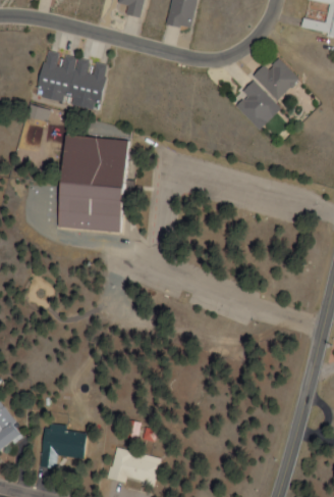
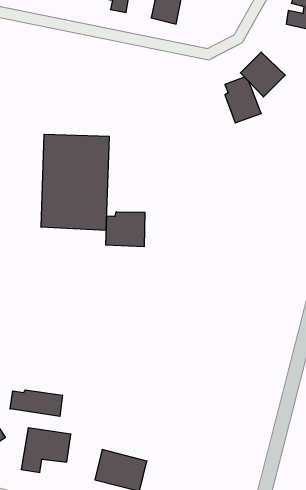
building: [38,50,110,109] -> none
building: none -> [106,212,145,247]
building: none -> [10,390,62,416]

